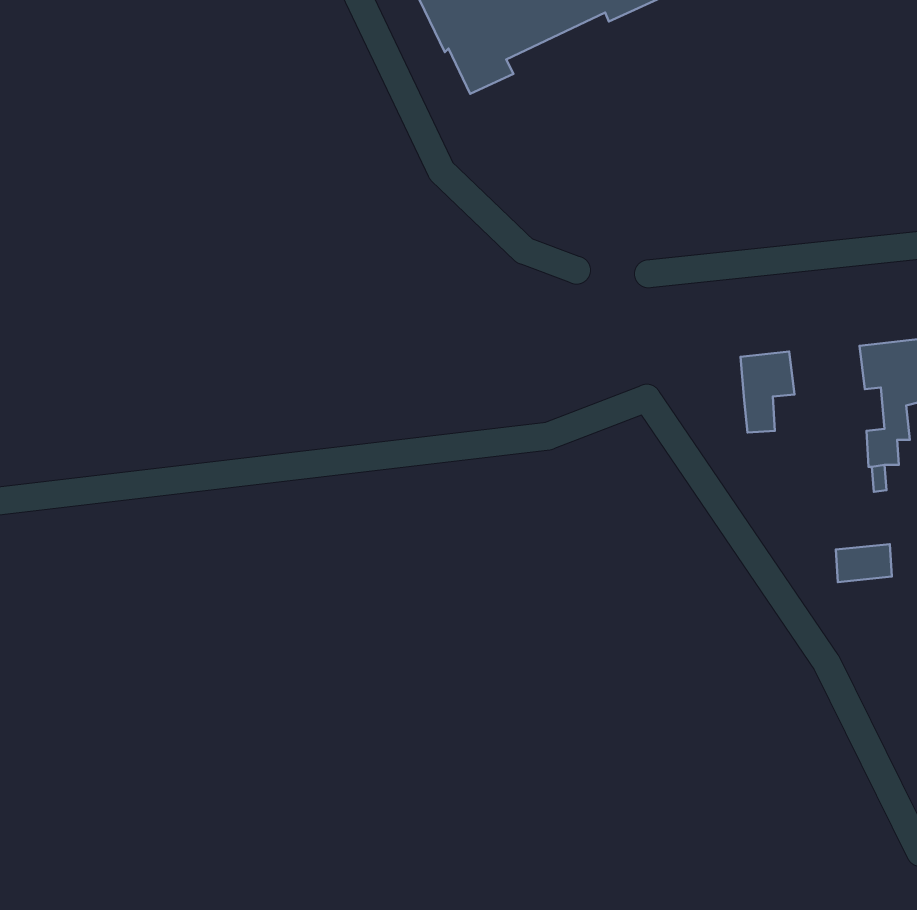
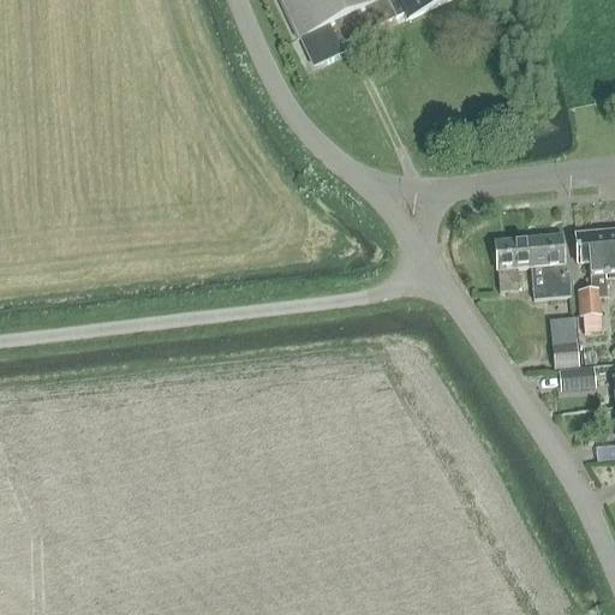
building: none -> [529,232,572,297]
building: none -> [550,314,580,366]

